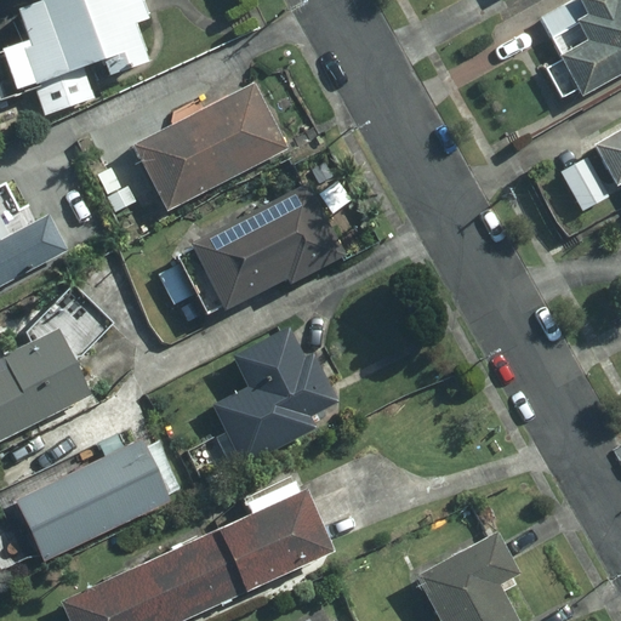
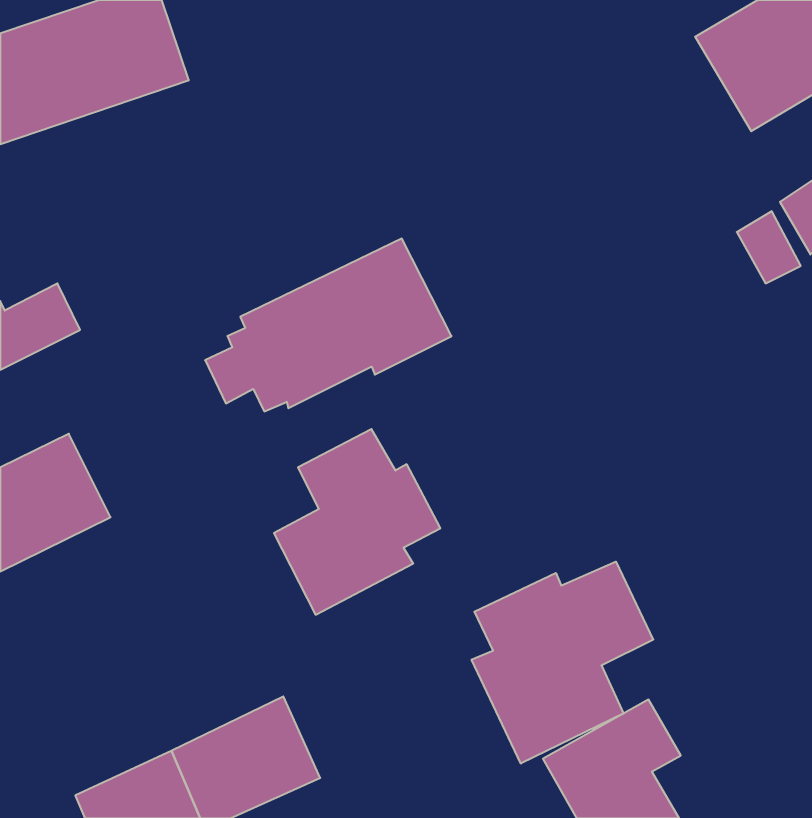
building: [135,92,296,220] -> none
building: none -> [472,562,653,764]
building: [11,438,170,563] -> none
building: [220,479,334,589] -> none

